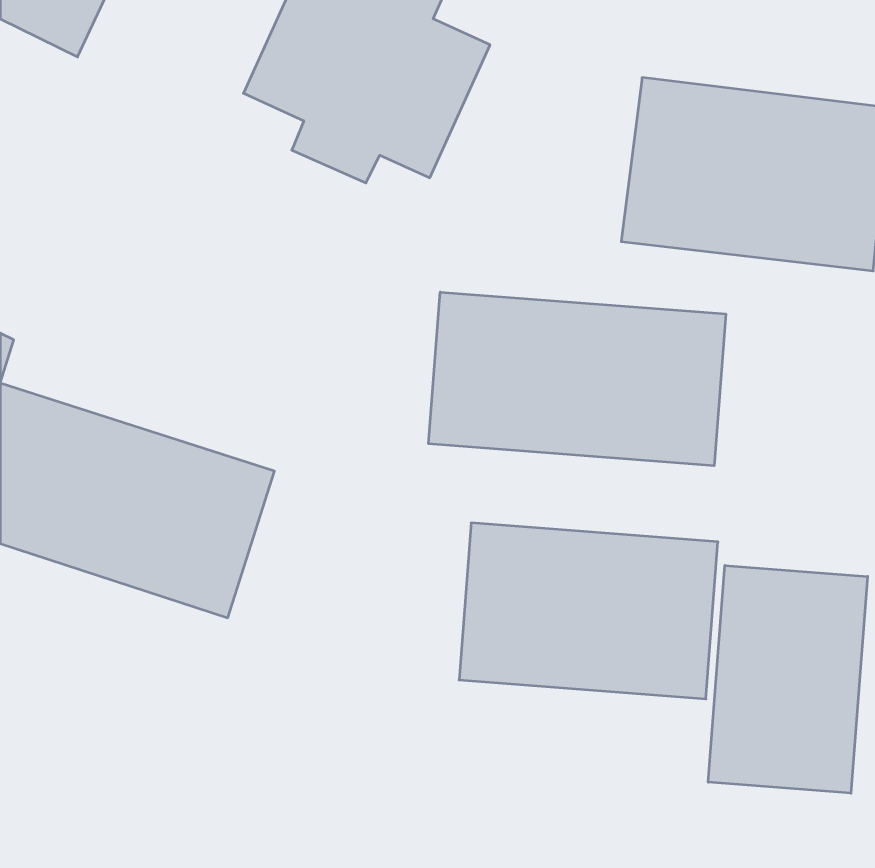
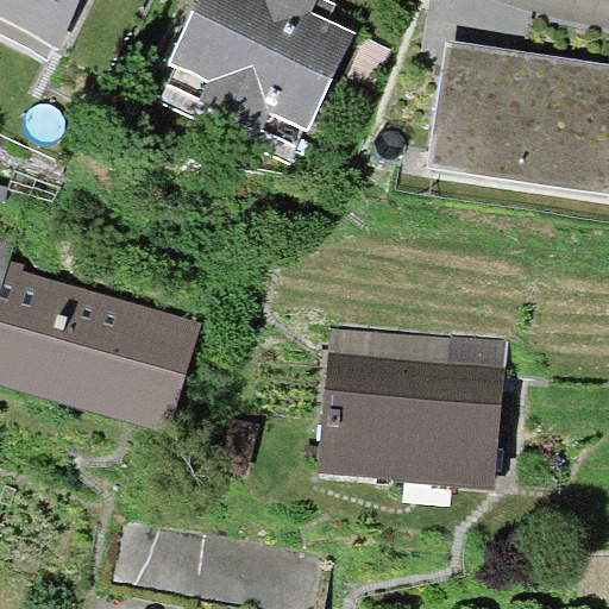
building: [429,292,726,466] -> none
building: [708,565,868,793] -> none

